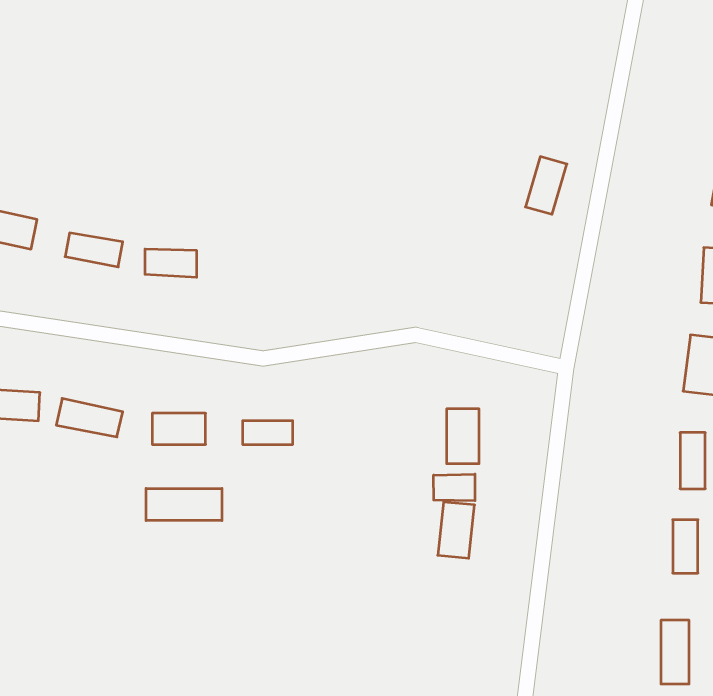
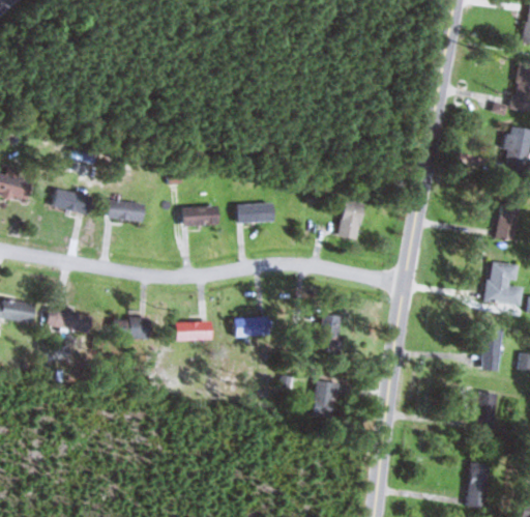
building: [525,157,567,214] -> [336,200,365,240]
building: none -> [237,204,273,223]
building: none -> [181,207,218,226]
building: none -> [233,317,264,337]
building: [434,474,475,501] -> none
building: [146,488,222,521] -> none

